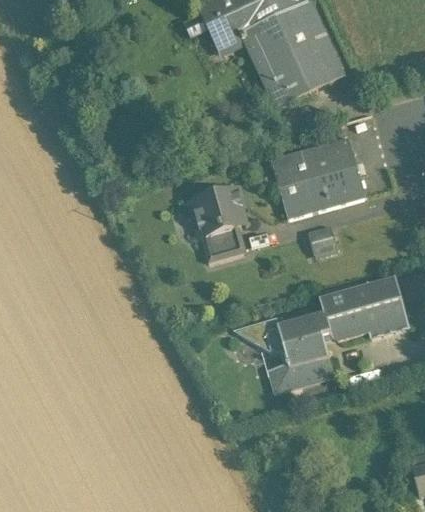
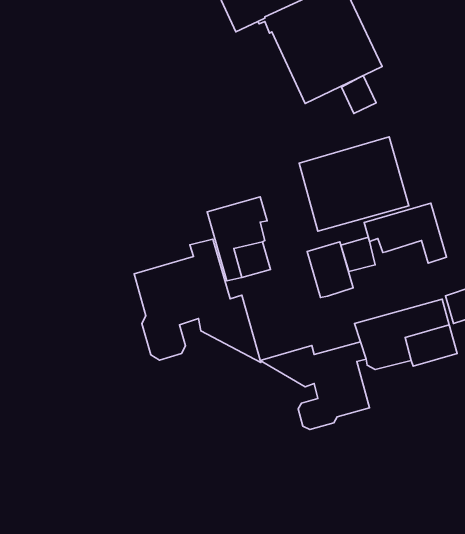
building: none -> [341,76,376,114]
building: none -> [364,203,447,263]
building: none -> [134,239,261,362]
building: none -> [307,242,353,298]

